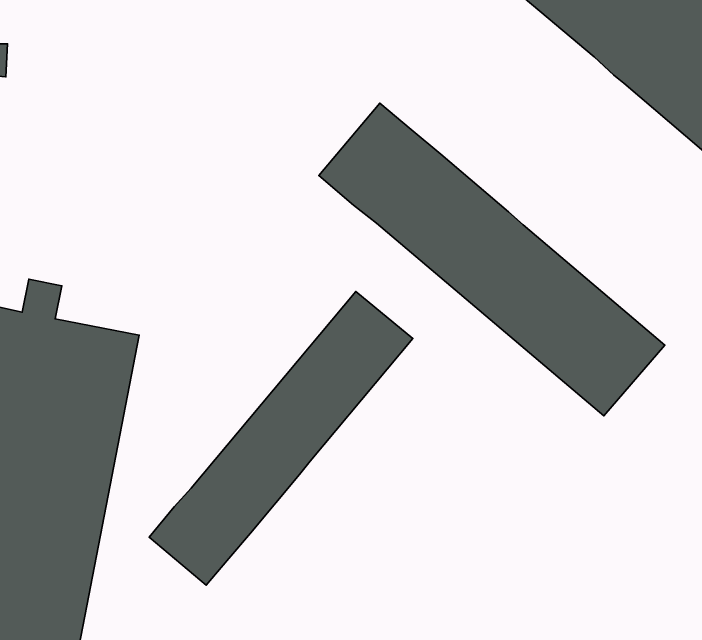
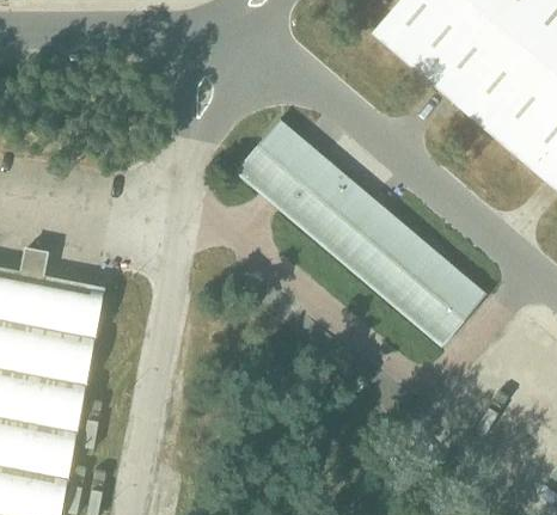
building: [149,292,413,585] -> none

